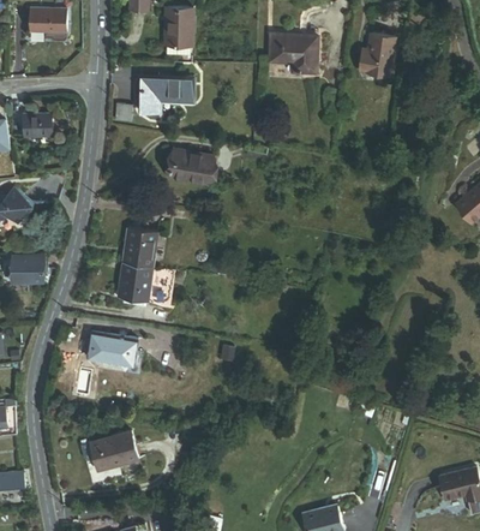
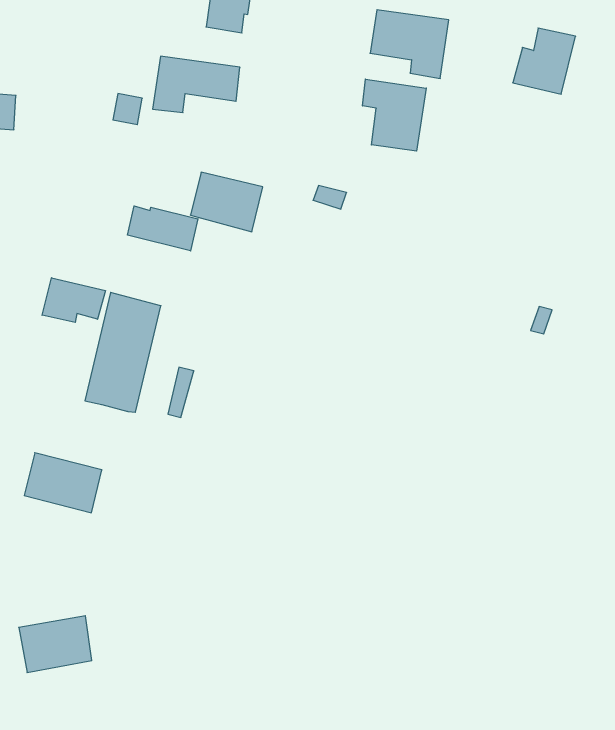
building: none -> [363,79,426,151]
building: none -> [128,206,198,251]
building: none -> [42,278,105,322]

